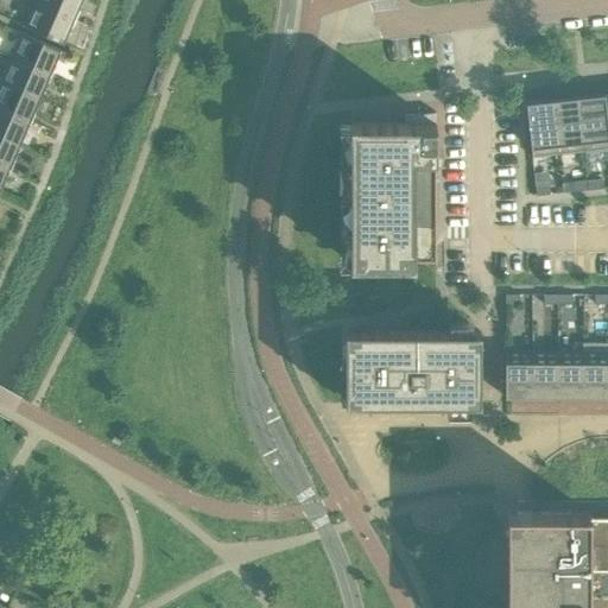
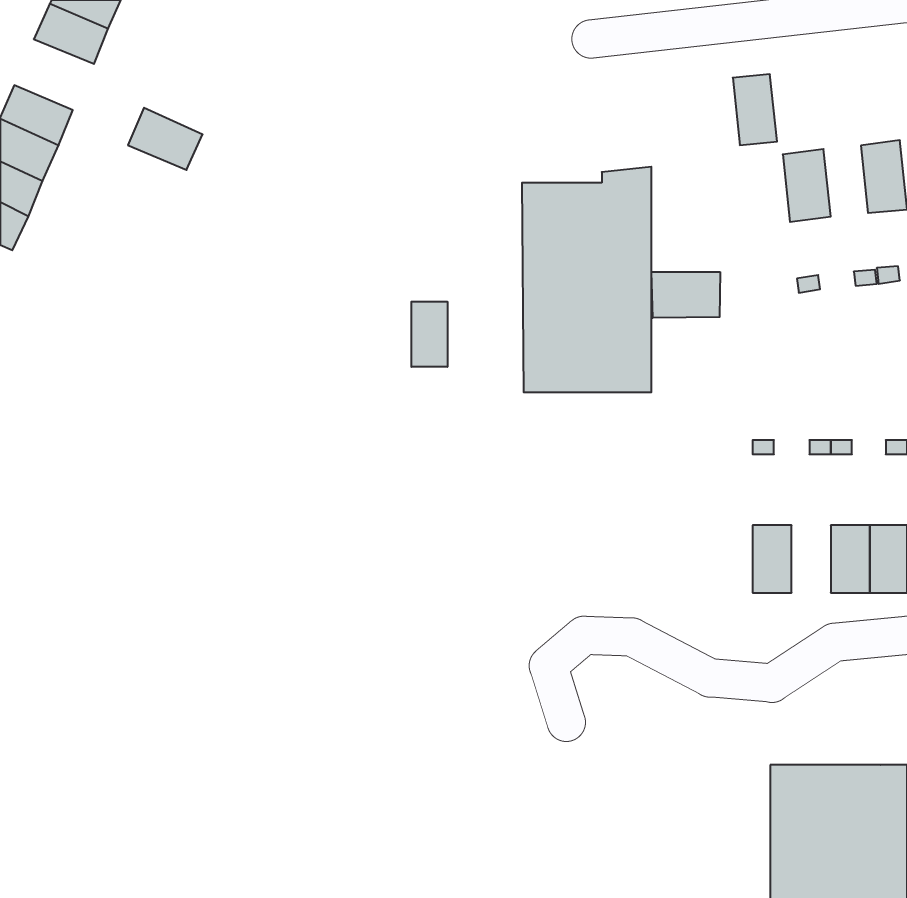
building: [10,38,59,80] -> [128,108,203,170]
building: [551,103,581,151] -> [733,74,777,145]
building: none -> [651,272,720,318]
building: none -> [411,302,447,367]
building: [350,337,480,408] -> none
building: [530,357,556,403] -> none

